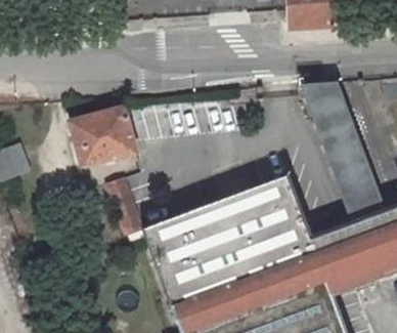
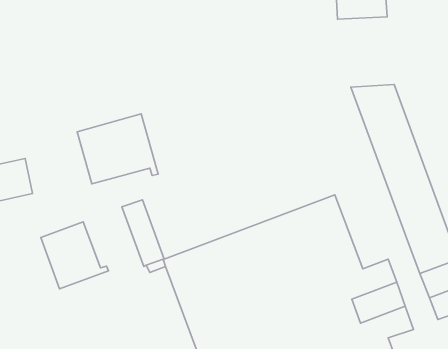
building: none -> [41,222,109,289]
building: [333,221,374,288] -> none

